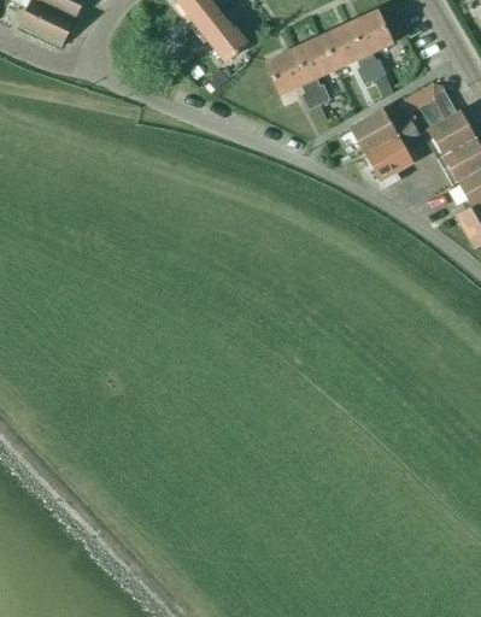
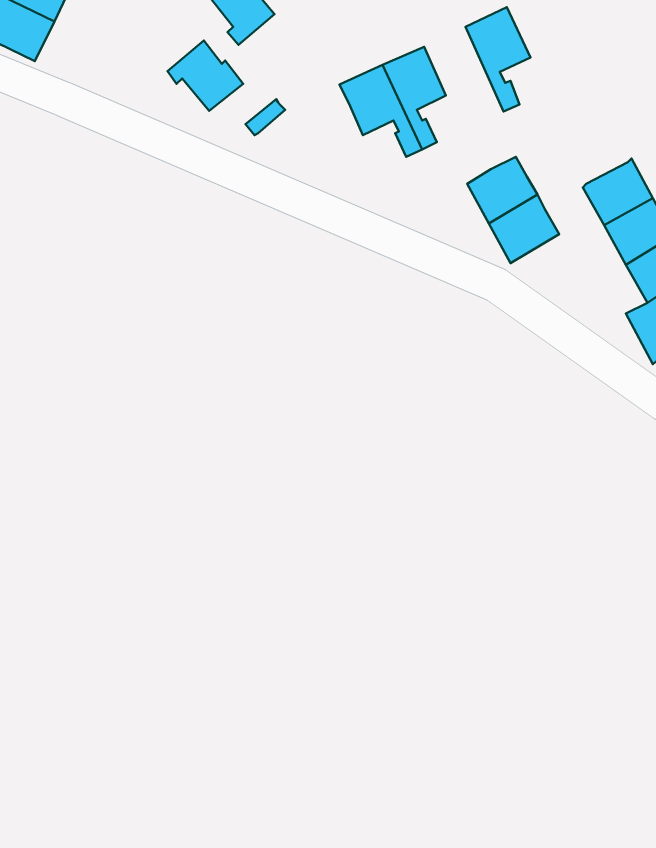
building: [198,13,248,60] -> [168,41,243,111]
building: [322,22,375,83] -> none
building: [391,83,458,143] -> none

